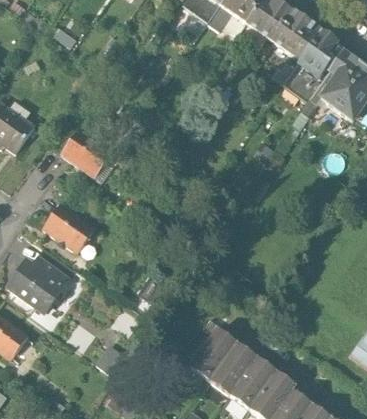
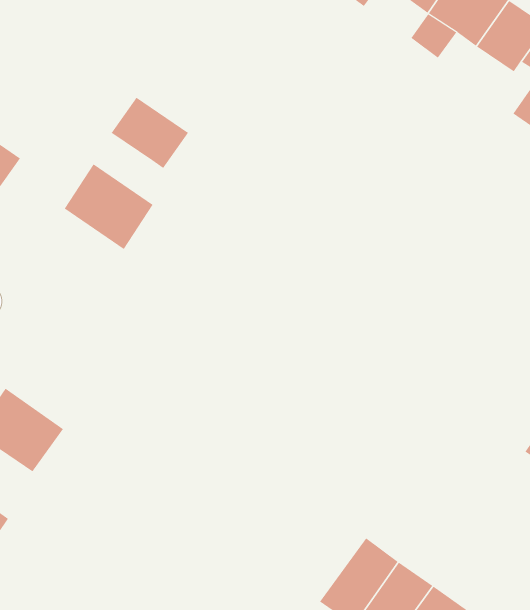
building: [283,60,323,100] -> none
building: none -> [111,97,189,169]
building: [44,204,97,253] -> none
building: [191,331,237,382] -> none

